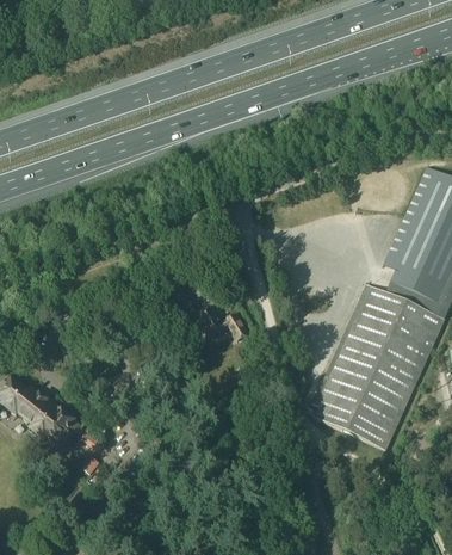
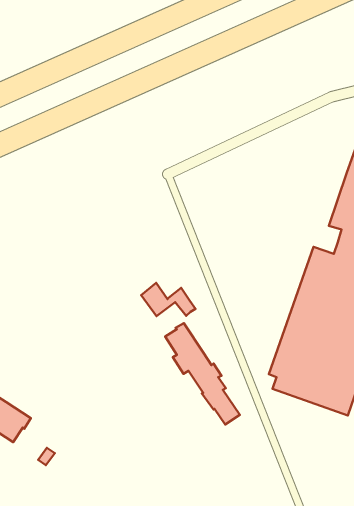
building: none -> [165,323,240,424]

